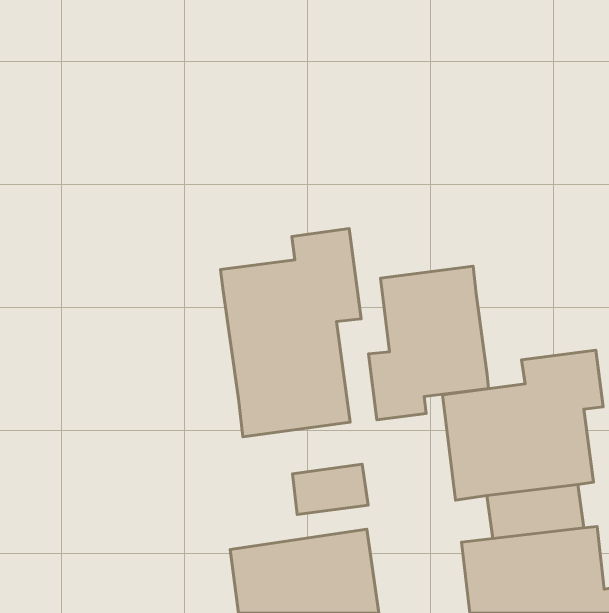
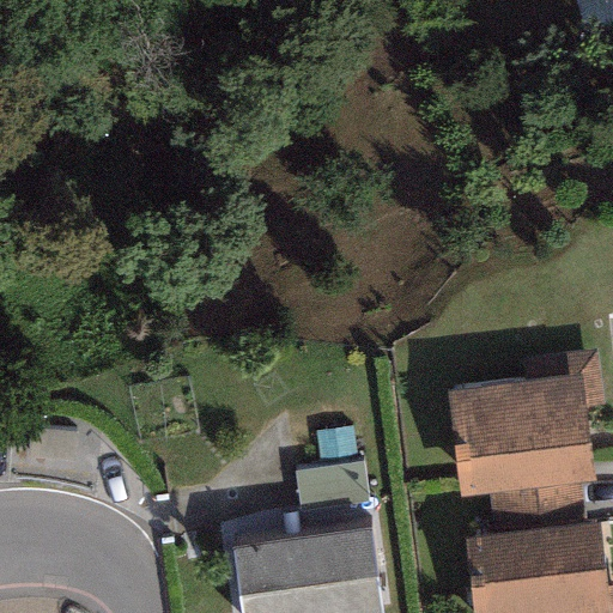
building: [221,229,361,437] -> none
building: [368,266,488,420] -> none

